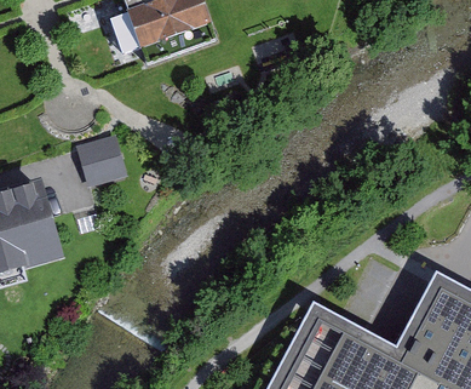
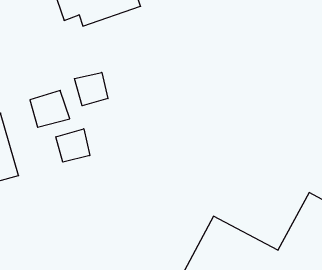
building: none -> [74,72,108,106]
building: none -> [56,129,90,162]

